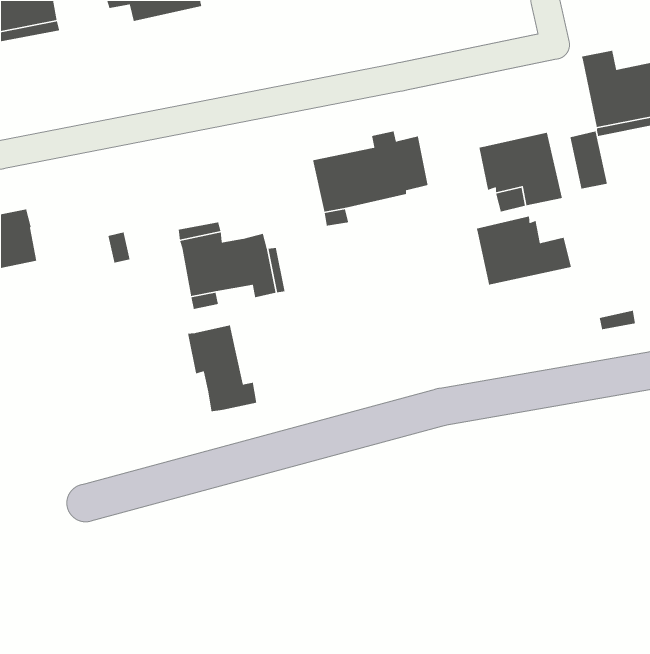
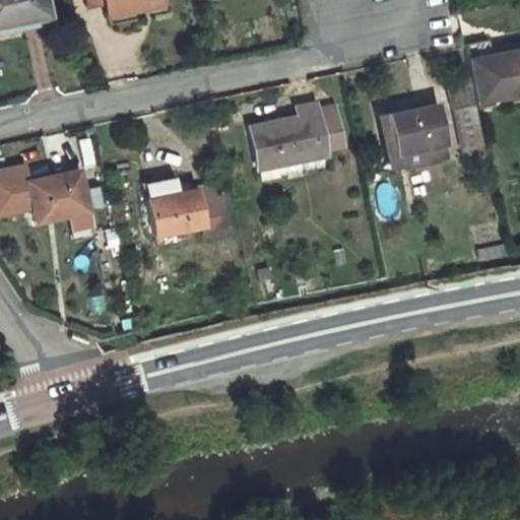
building: none -> [27,170,87,222]
building: [476,215,572,285] -> none
building: [187,324,257,412] -> none

